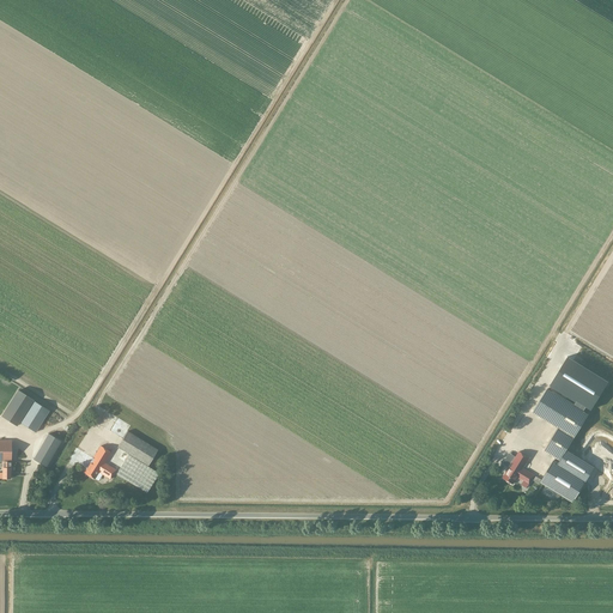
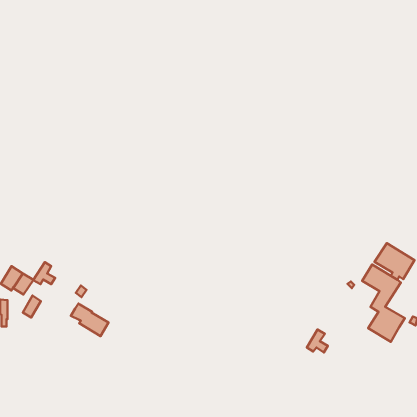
building: [117,431,158,466] -> none
building: [84,447,116,479] -> [33,262,55,284]
building: [503,451,534,485] -> [307,330,328,352]

